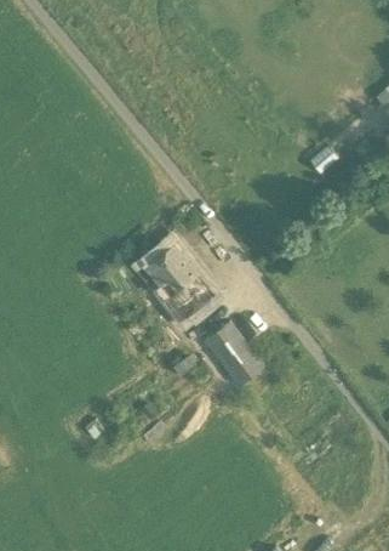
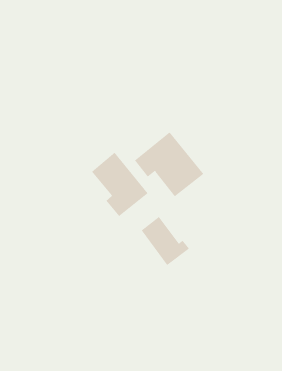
building: none -> [134,131,204,197]

